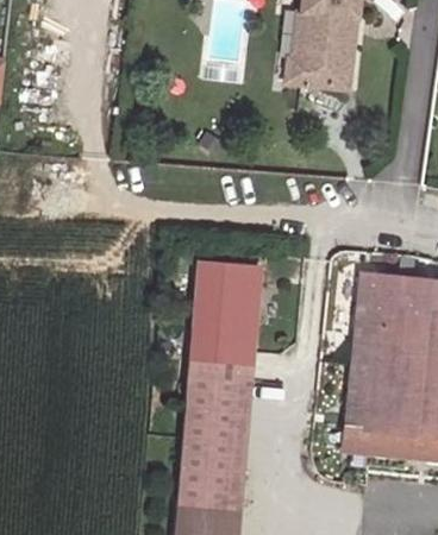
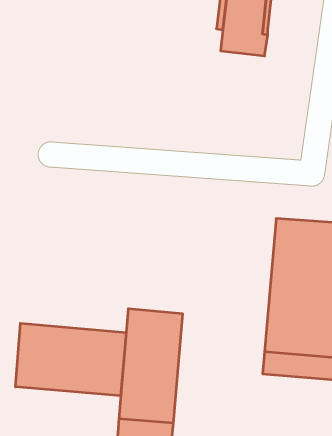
building: [189,270,261,384] -> none
building: none -> [16,323,126,396]

